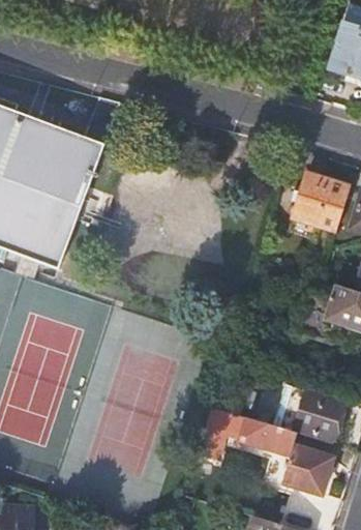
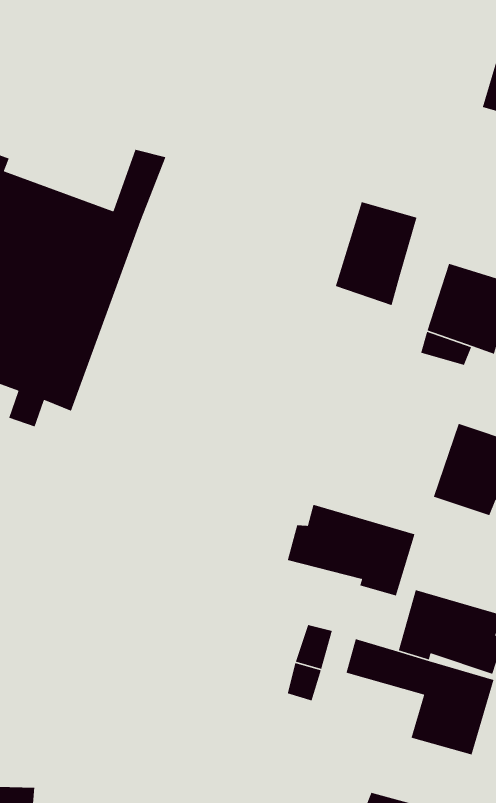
building: none -> [335,201,418,306]
building: none -> [287,504,416,596]

